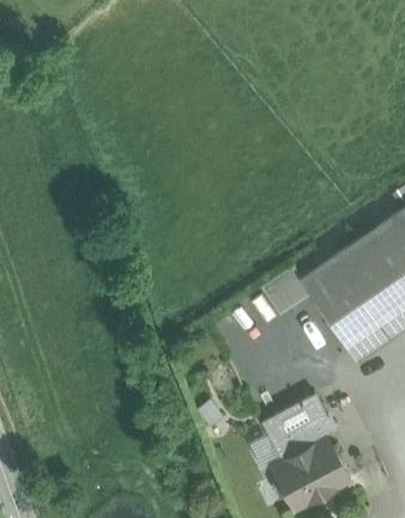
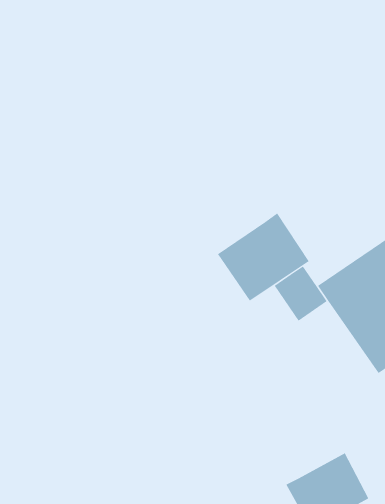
building: none -> [217,213,309,302]
building: [261,394,327,461] -> none

